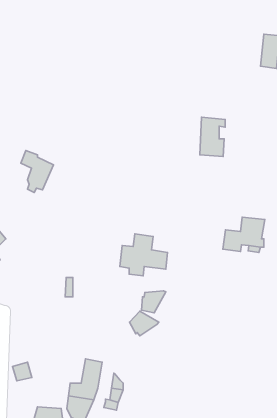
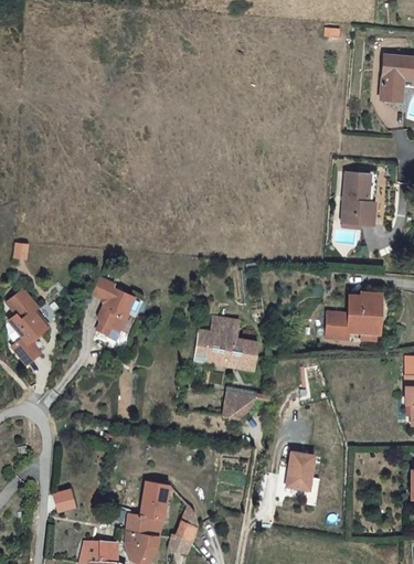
building: [200,117,225,157] -> [343,171,376,223]
building: [21,151,53,193] -> [91,276,134,331]
building: [129,311,159,336] -> none
building: none -> [288,450,318,490]

